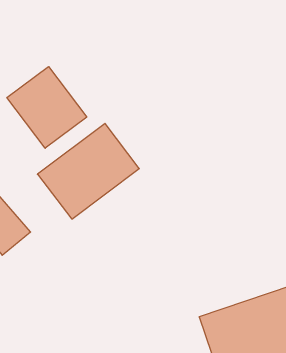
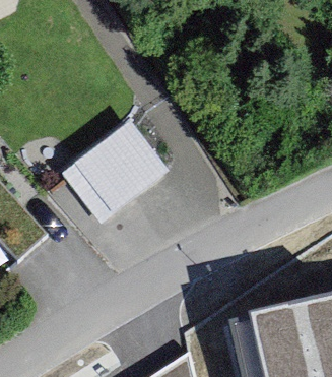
building: [7,67,87,148] -> none

